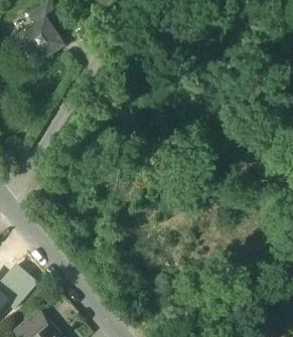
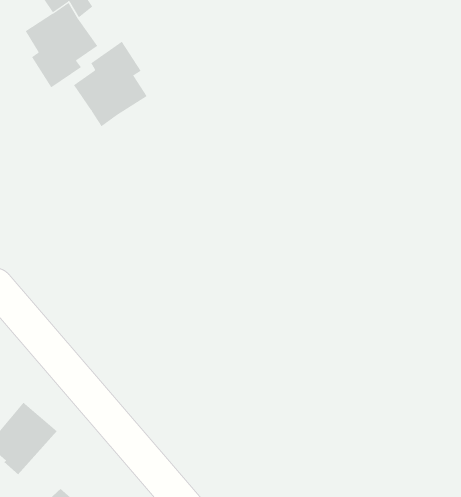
building: none -> [73,41,147,127]

